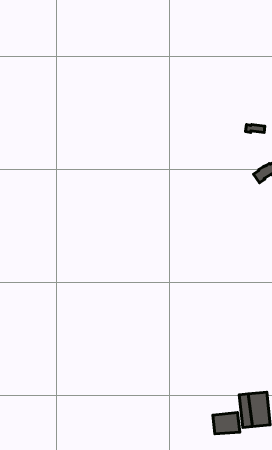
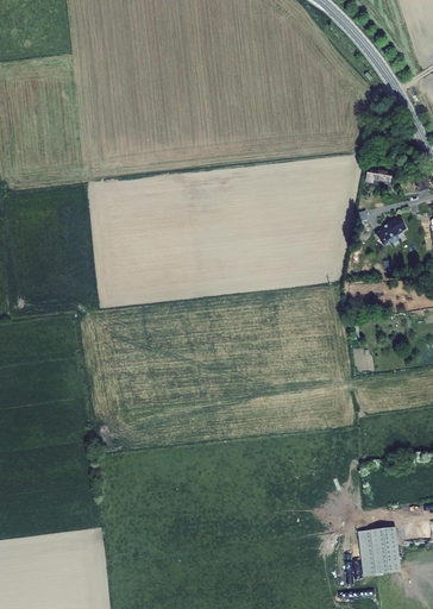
building: [213,412,240,434] -> none

